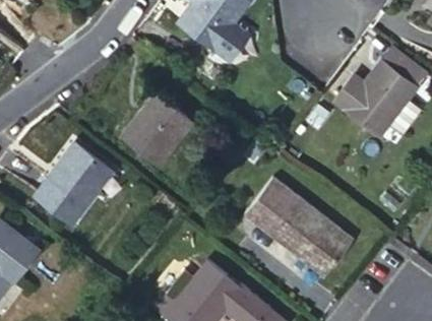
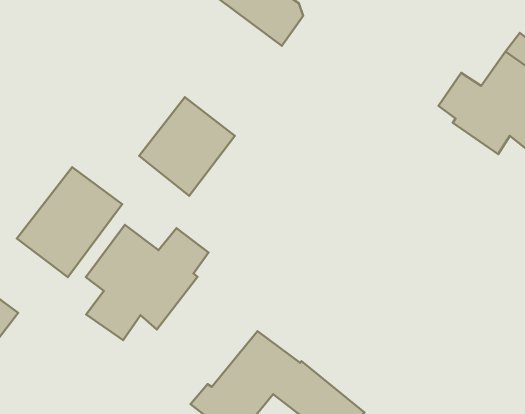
building: [243,179,350,275] -> none
building: none -> [86,225,208,340]

